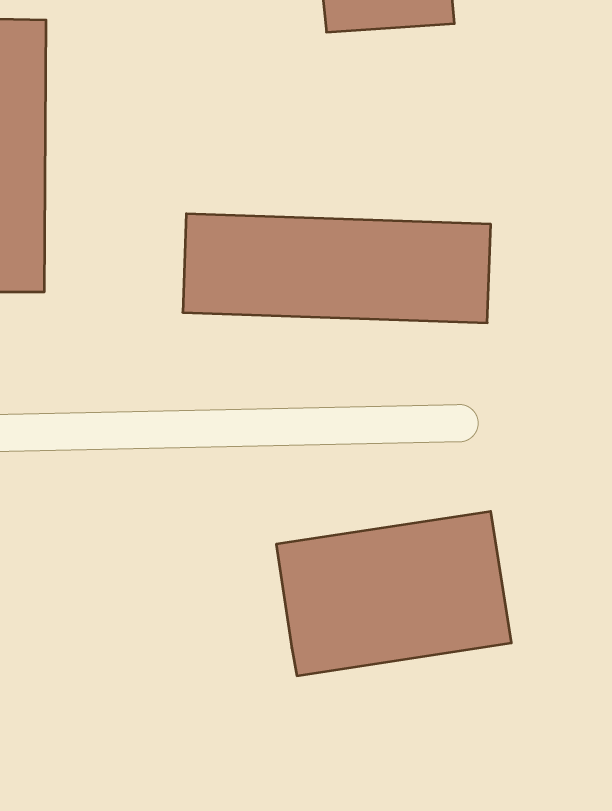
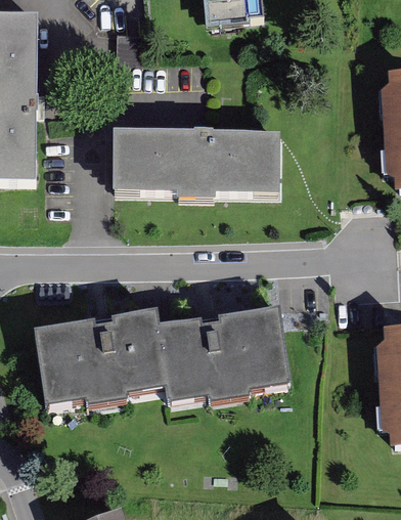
building: none -> [35,310,180,403]

